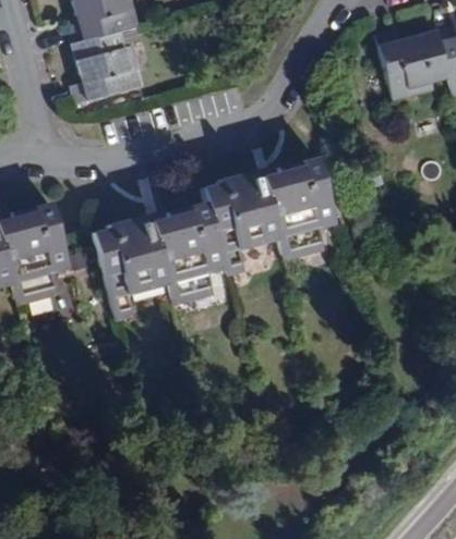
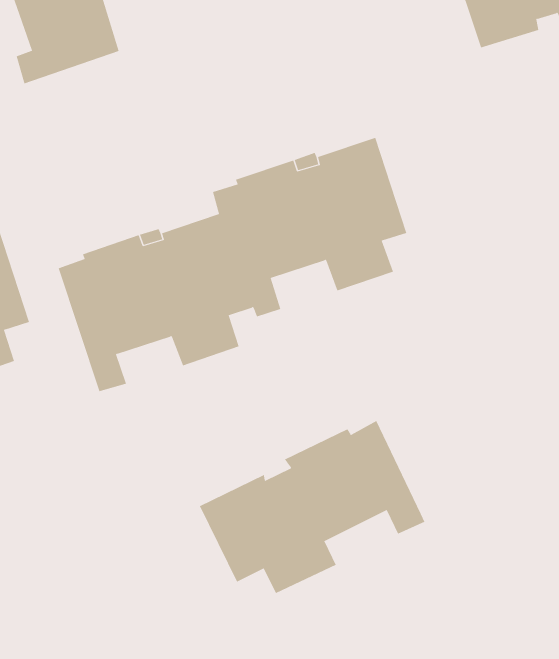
building: none -> [199,420,425,594]

